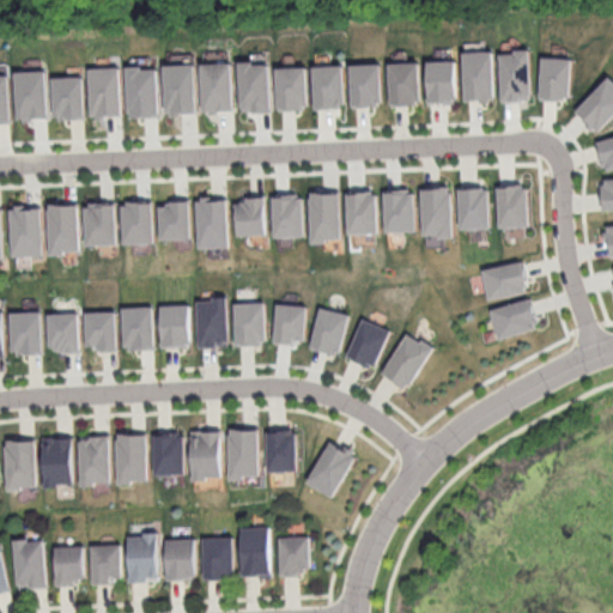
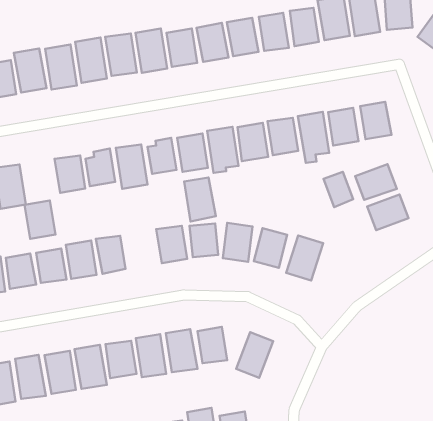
building: [81,202,114,245] -> [25,200,55,239]
building: none -> [323,172,353,207]
building: [193,298,225,348] -> [184,177,216,221]

